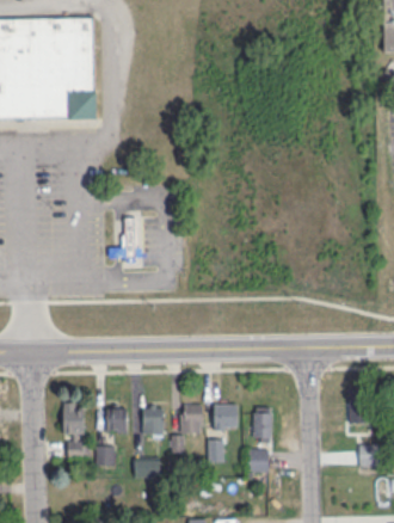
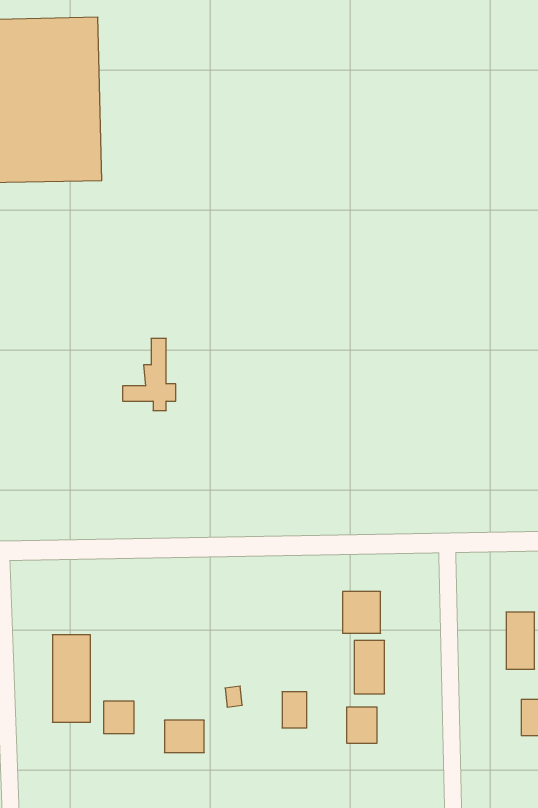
building: [180,402,203,432] -> none
building: [214,402,238,429] -> [343,592,381,633]
building: [142,404,164,435] -> none
building: [105,406,127,432] -> none

